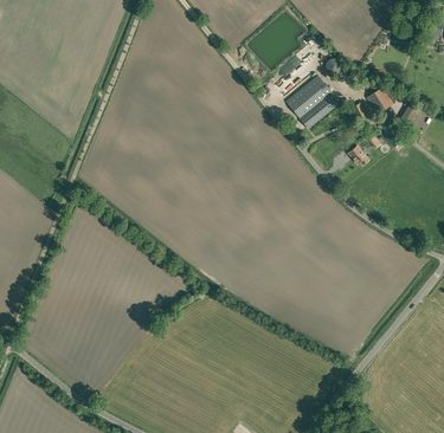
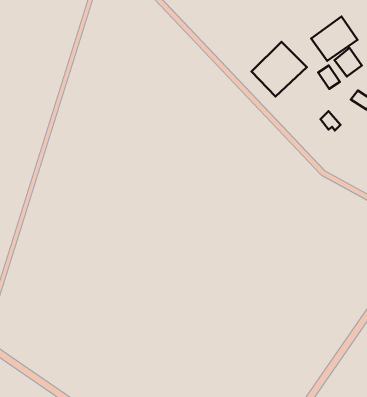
building: none -> [311,16,357,61]

